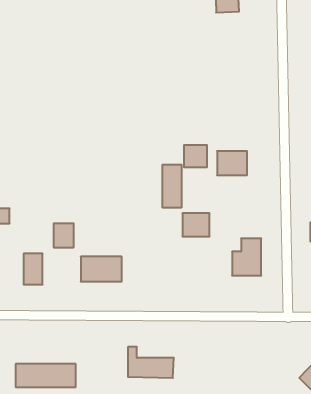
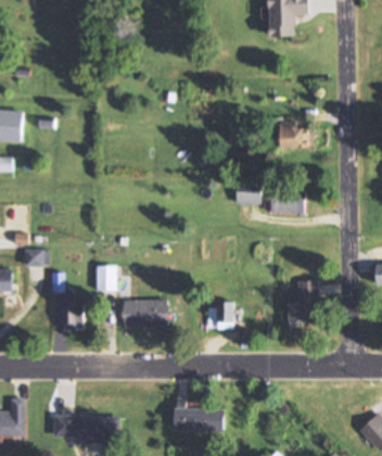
building: none -> [280,121,313,148]
building: [163,165,181,208] -> none
building: [182,213,210,236] -> [205,304,234,329]

